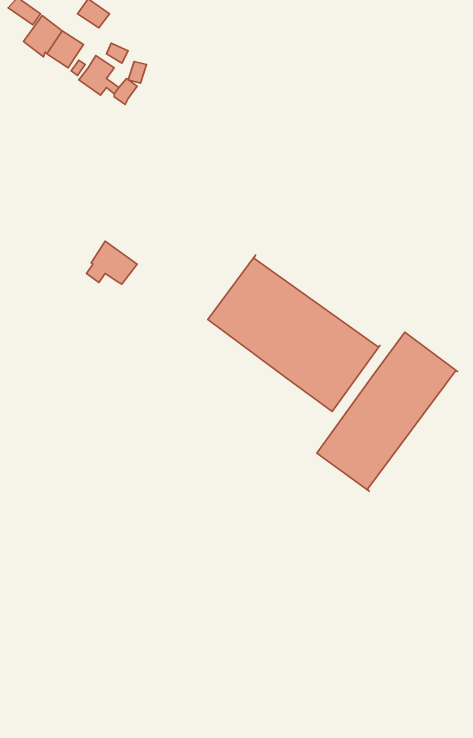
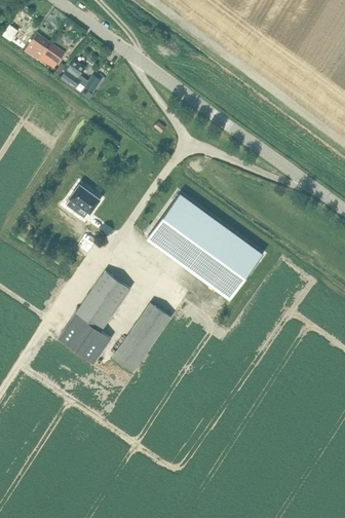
building: [317,332,458,491] -> none
building: none -> [58,270,130,364]
building: none -> [112,303,170,371]

